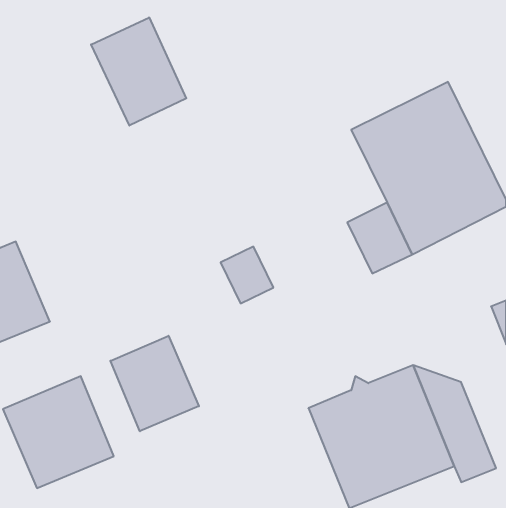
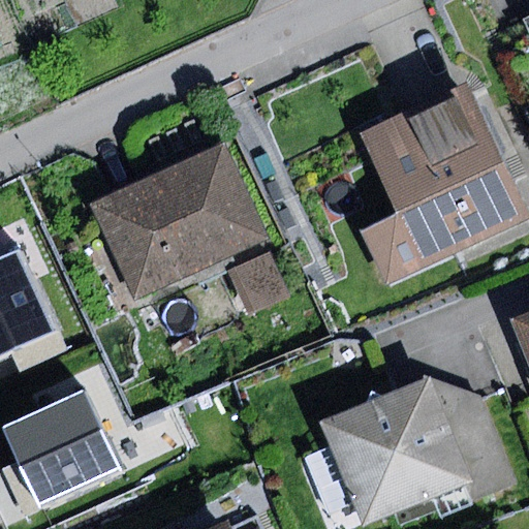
building: [91,17,186,126] -> none
building: none -> [91,145,264,297]
building: [110,336,199,431] -> none

